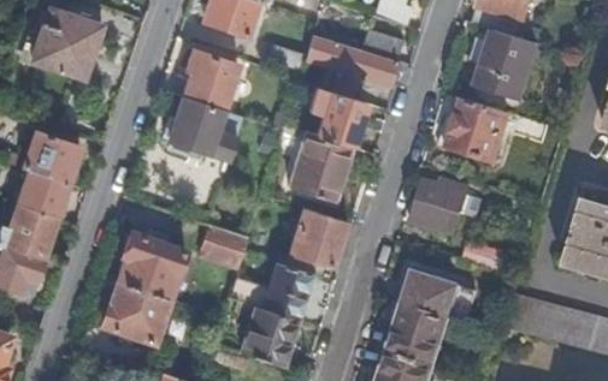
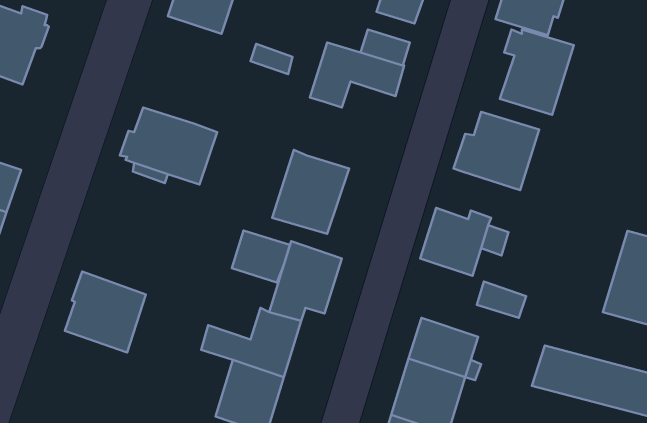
building: [181,50,237,111] -> none
building: [317,93,365,148] -> none
building: [200,226,248,269] -> [232,230,290,283]
building: [101,282,167,343] -> none

